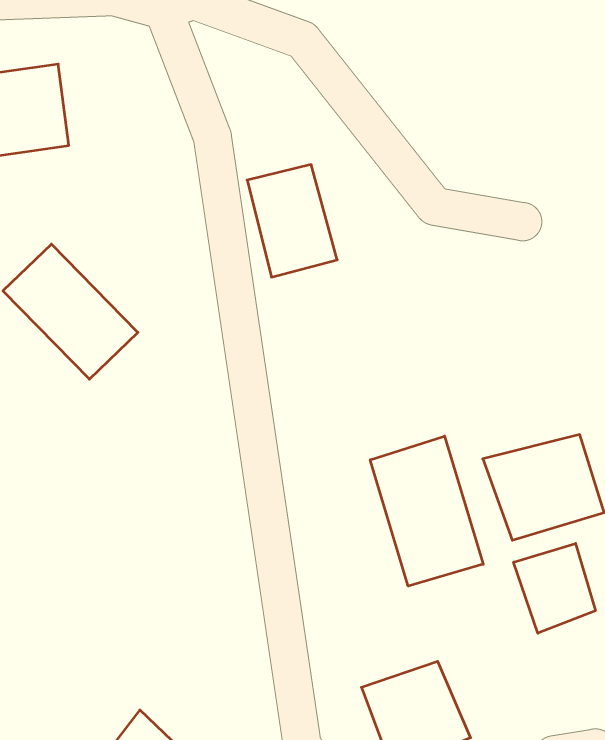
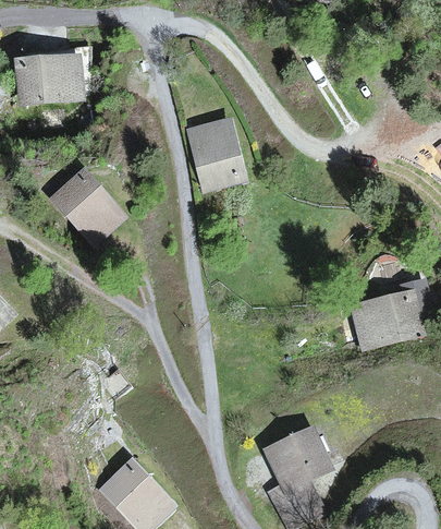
building: [370,436,483,586] -> none
building: [514,543,595,633] -> none

